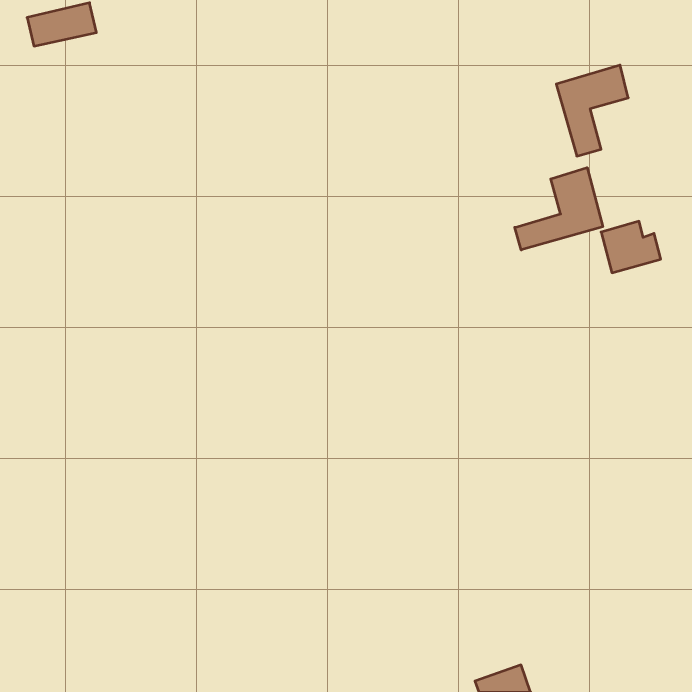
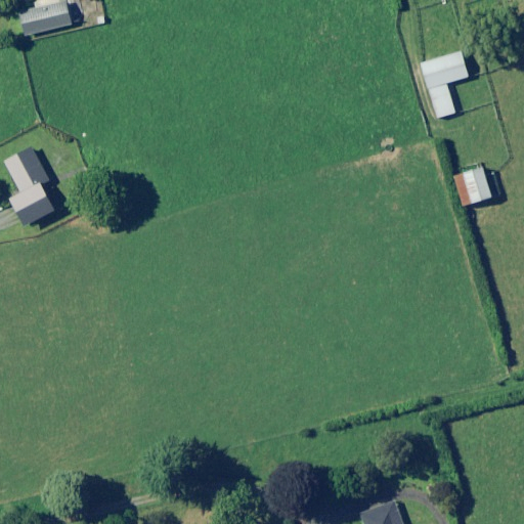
building: [515,168,603,250] -> none
building: none -> [5,147,53,225]

